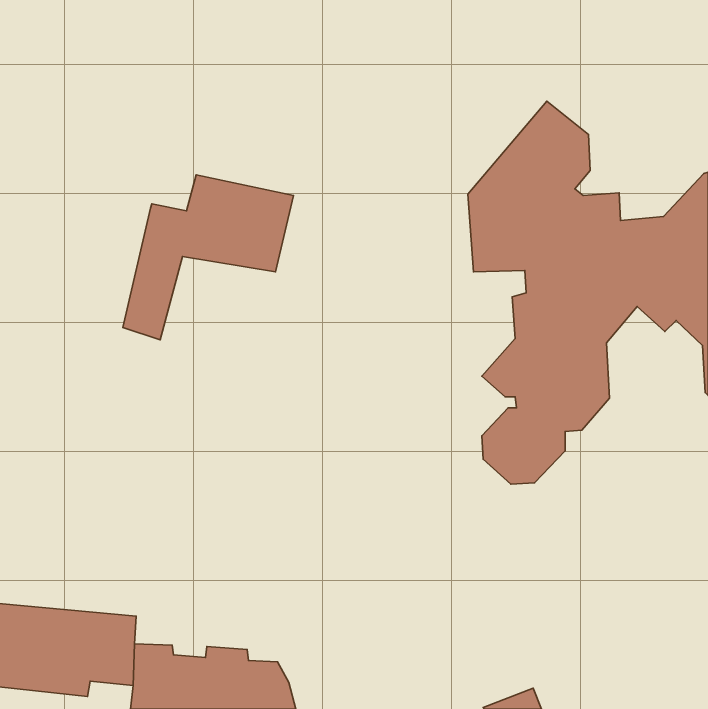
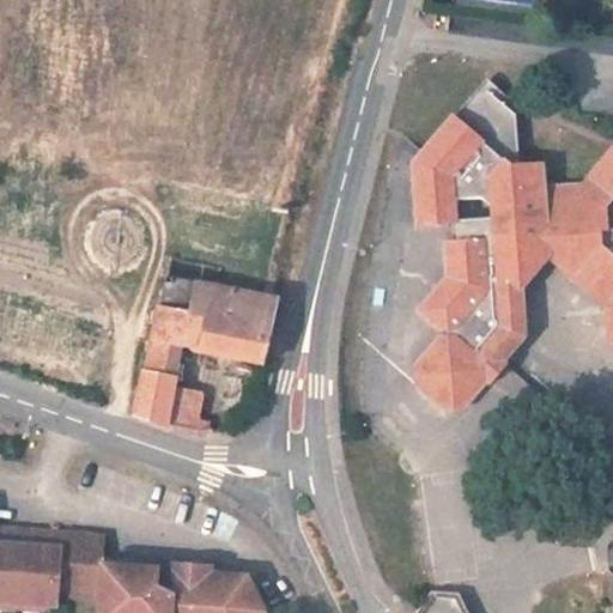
building: [123,175,293,340] -> [140,284,287,426]

